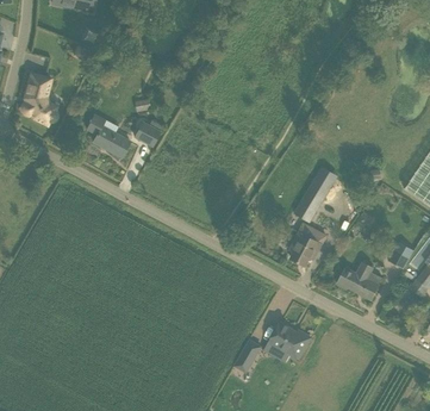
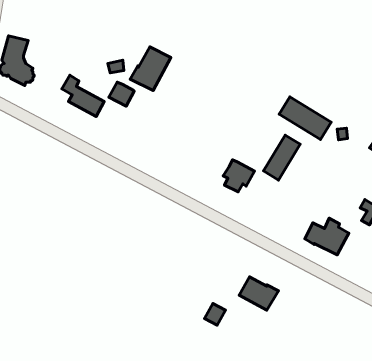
building: none -> [130,47,171,90]
building: none -> [279,97,331,139]
building: [289,231,322,264] -> [223,160,254,192]

